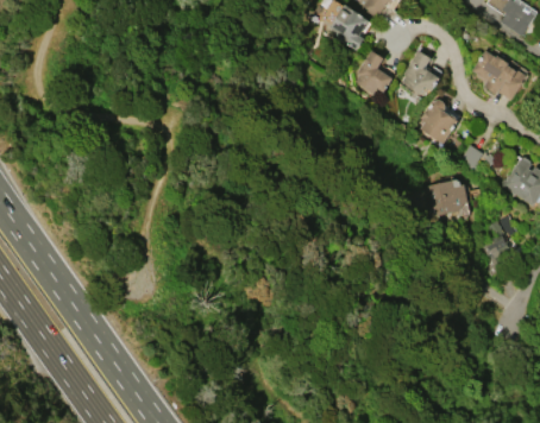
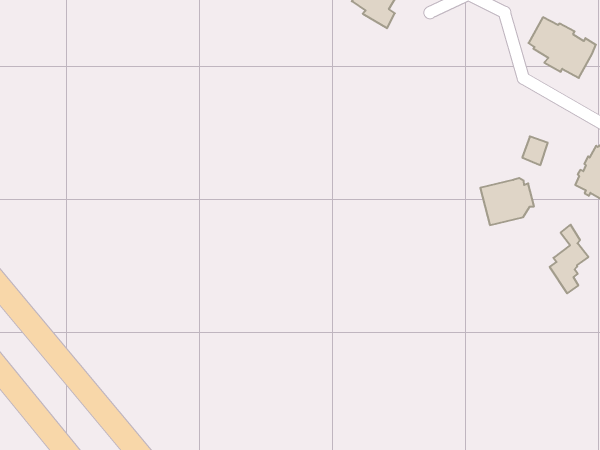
building: [354,50,394,94] -> none
building: [402,50,440,94] -> none
building: [420,100,458,144] -> none

